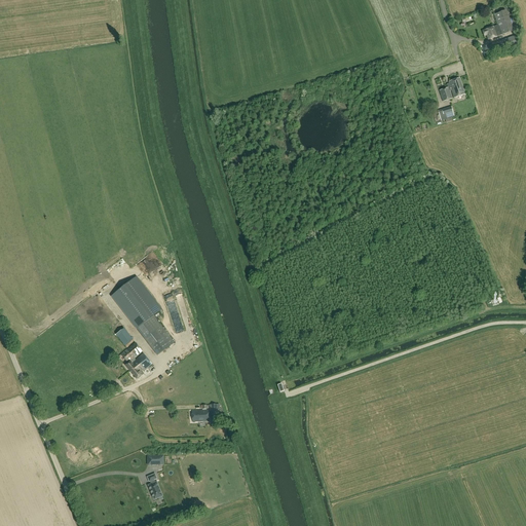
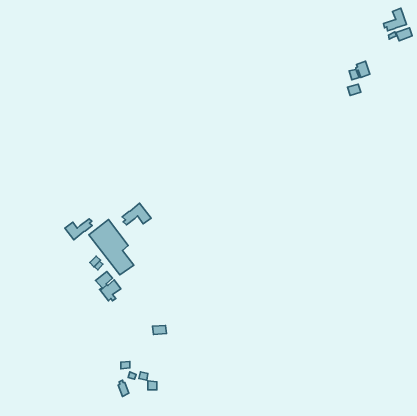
building: none -> [122,203,151,225]
building: none -> [65,219,92,240]

